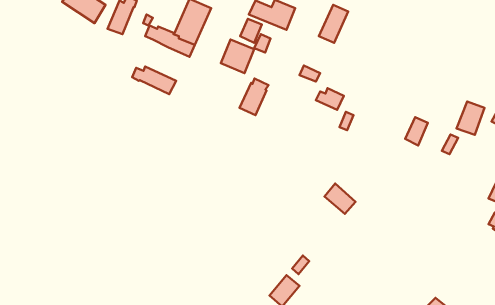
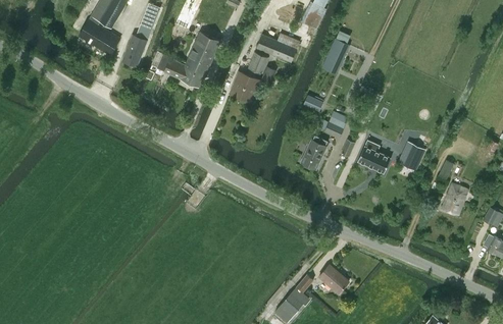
building: [132,67,176,94] -> none
building: [239,79,269,115] -> [300,136,328,170]
building: [456,101,485,135] -> [441,183,467,215]
building: none -> [357,140,390,173]
building: [324,183,356,214] -> [318,265,348,293]

